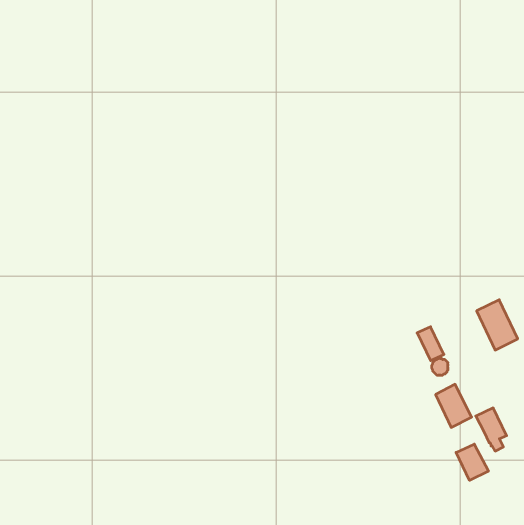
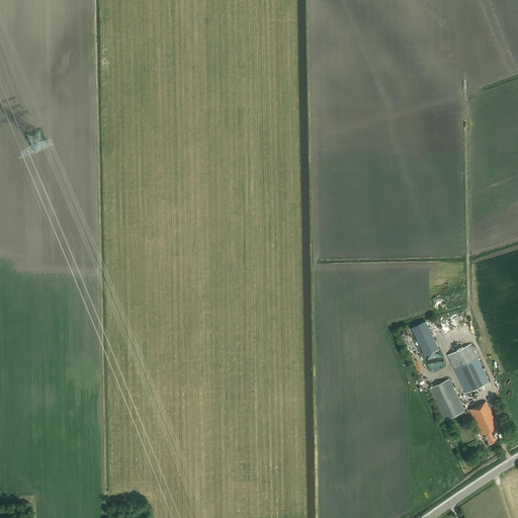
building: [477,300,518,350] -> [447,344,488,394]
building: [456,444,488,480] -> none

